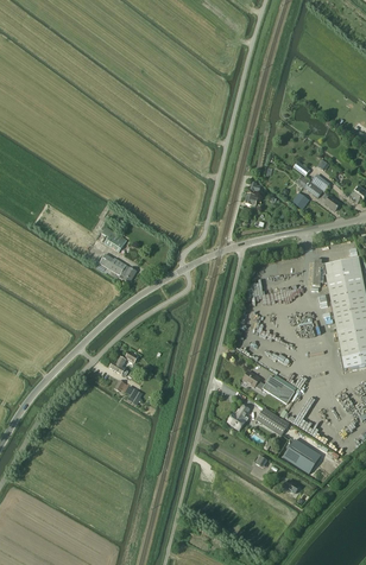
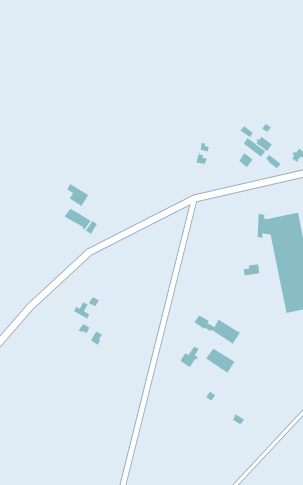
building: [283,438,320,472] -> none

